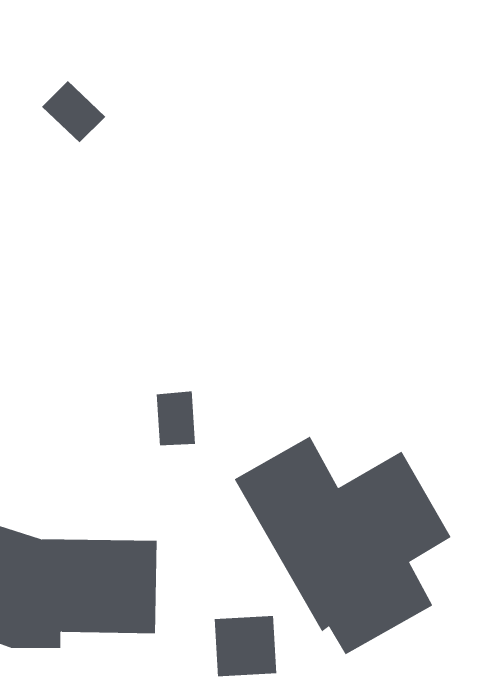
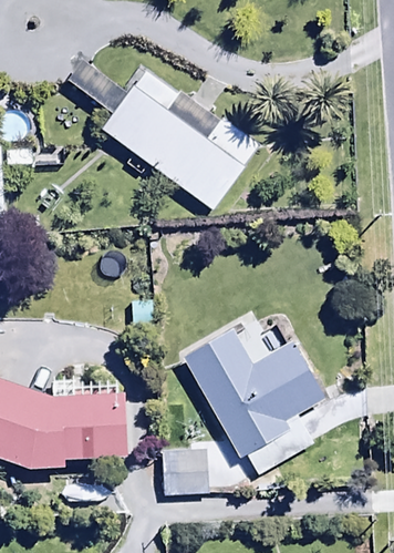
building: none -> [70,60,259,208]

